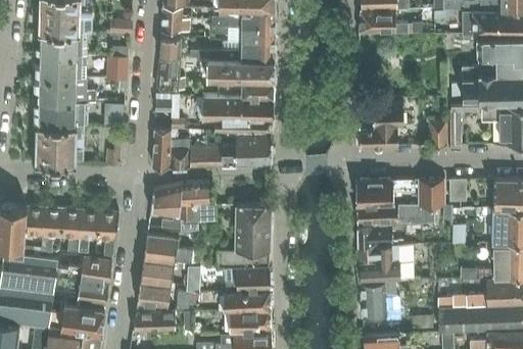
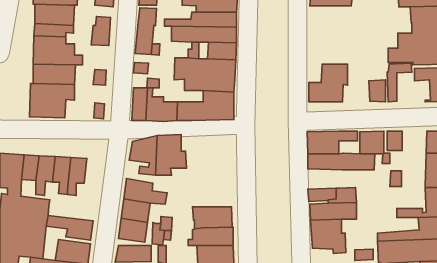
building: [219,206,271,266] -> none
building: [98,210,120,256] -> none
building: [358,227,393,246] -> none
building: [56,257,111,283] -> none

